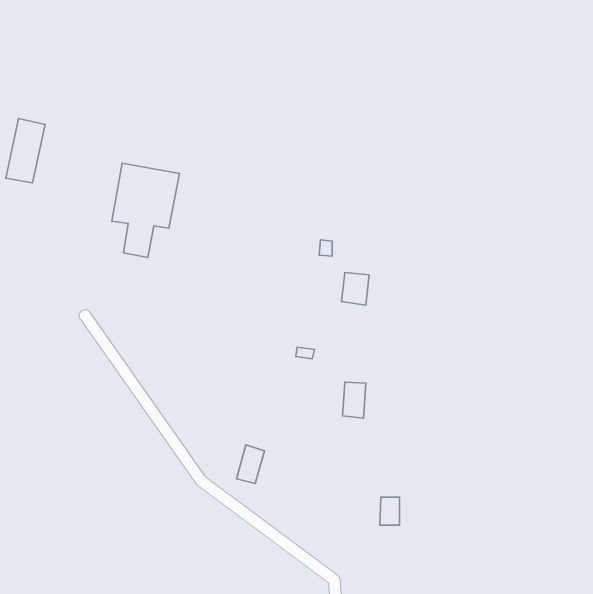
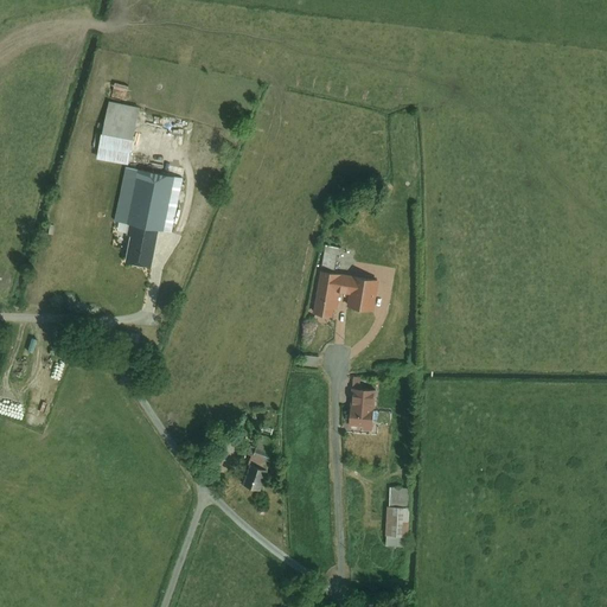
building: [6,119,45,183] -> [96,101,136,166]
building: none -> [311,273,339,318]

